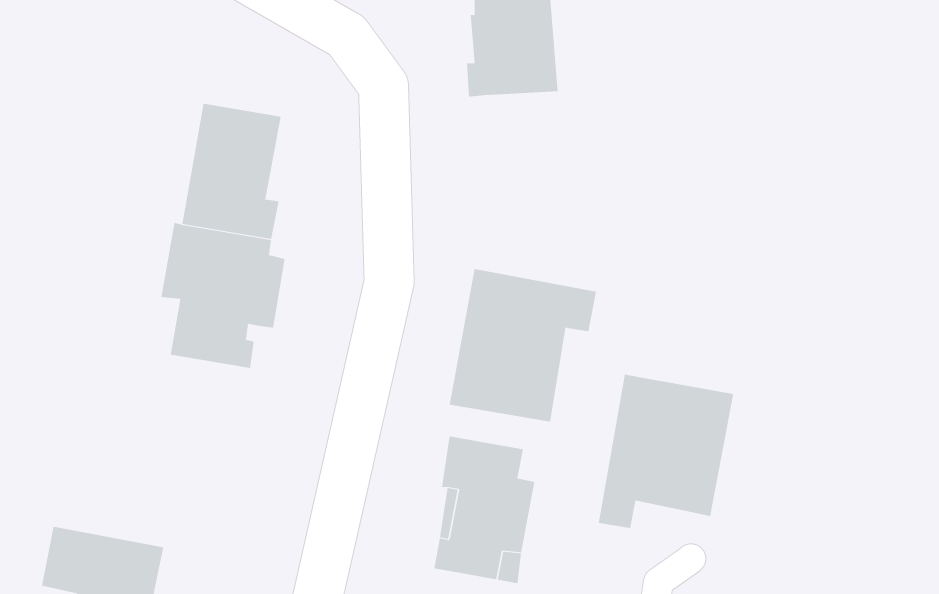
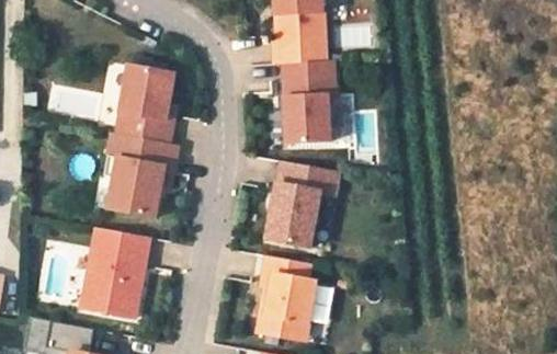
building: none -> [284,64,334,146]
building: [598,374,734,529] -> none
building: none -> [79,233,144,322]

